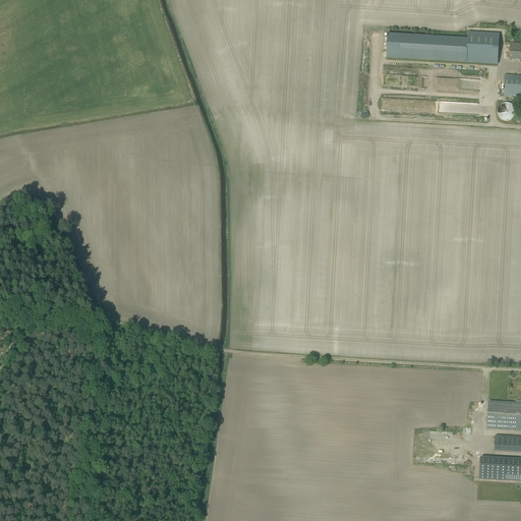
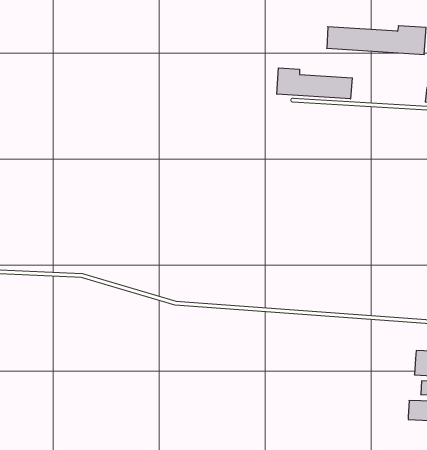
building: none -> [277,68,352,99]

